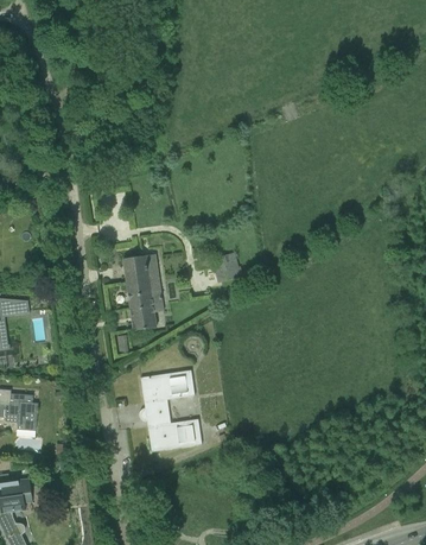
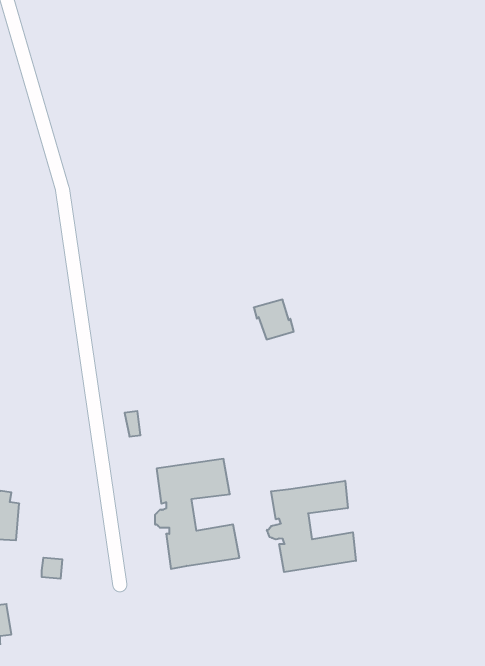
building: [123,254,163,330] -> none
building: none -> [267,481,356,572]

